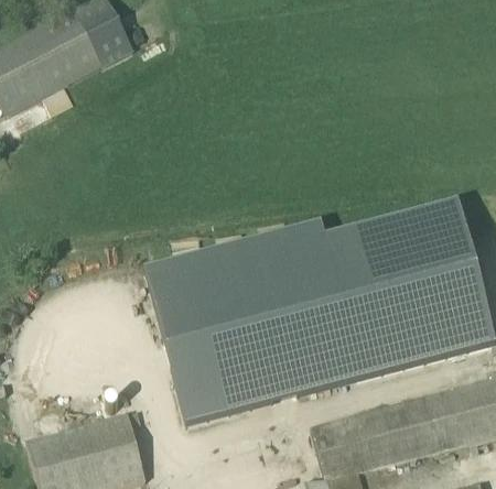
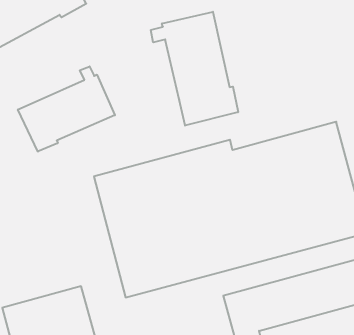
building: none -> [151,12,238,126]
building: none -> [18,66,115,152]

